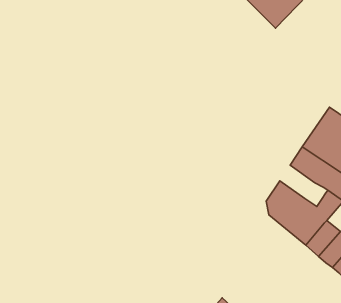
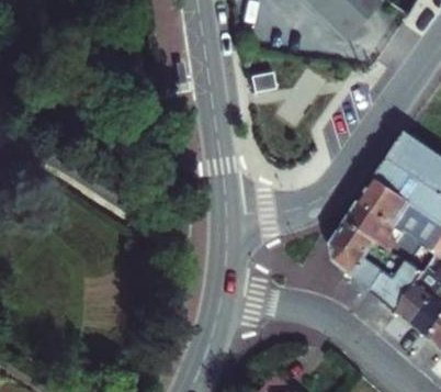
building: none -> [348,203,405,253]

